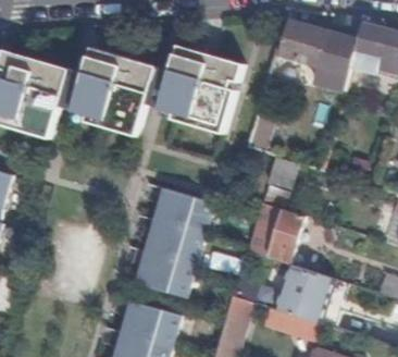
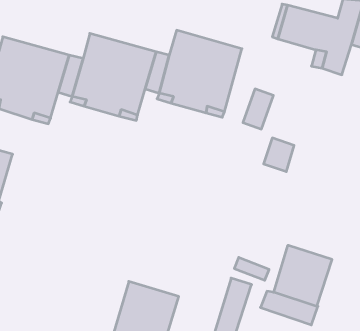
building: [137,186,215,296] -> none
building: [263,206,306,262] -> none

